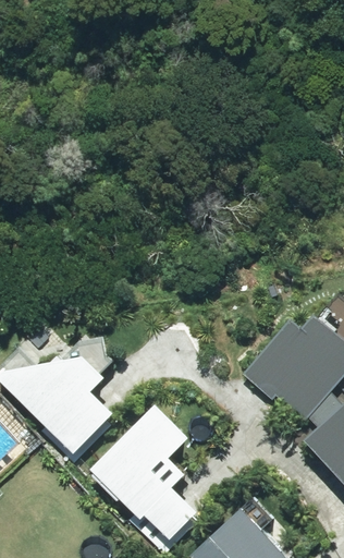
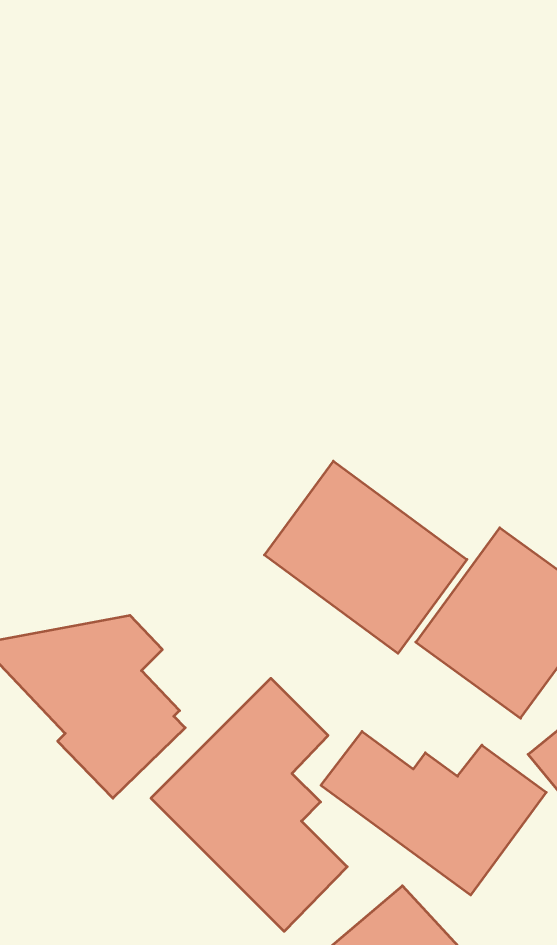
building: none -> [264,461,467,653]
building: none -> [321,731,546,895]

